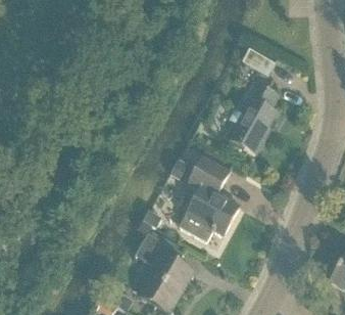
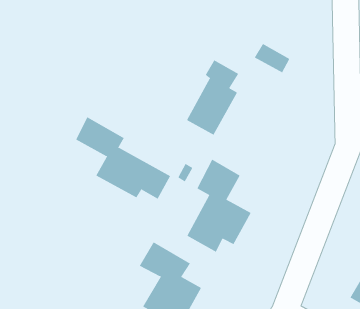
building: [229,81,278,151] -> [186,60,239,136]
building: none -> [75,116,171,200]

